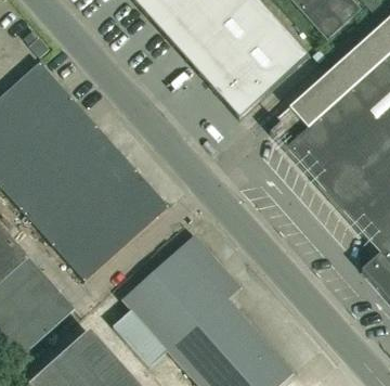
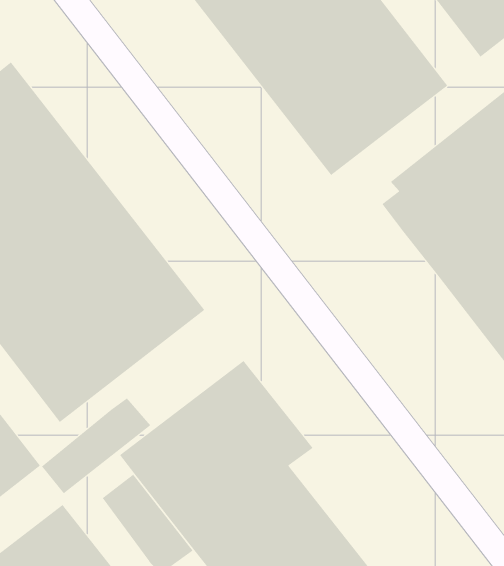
building: none -> [41,397,151,494]

